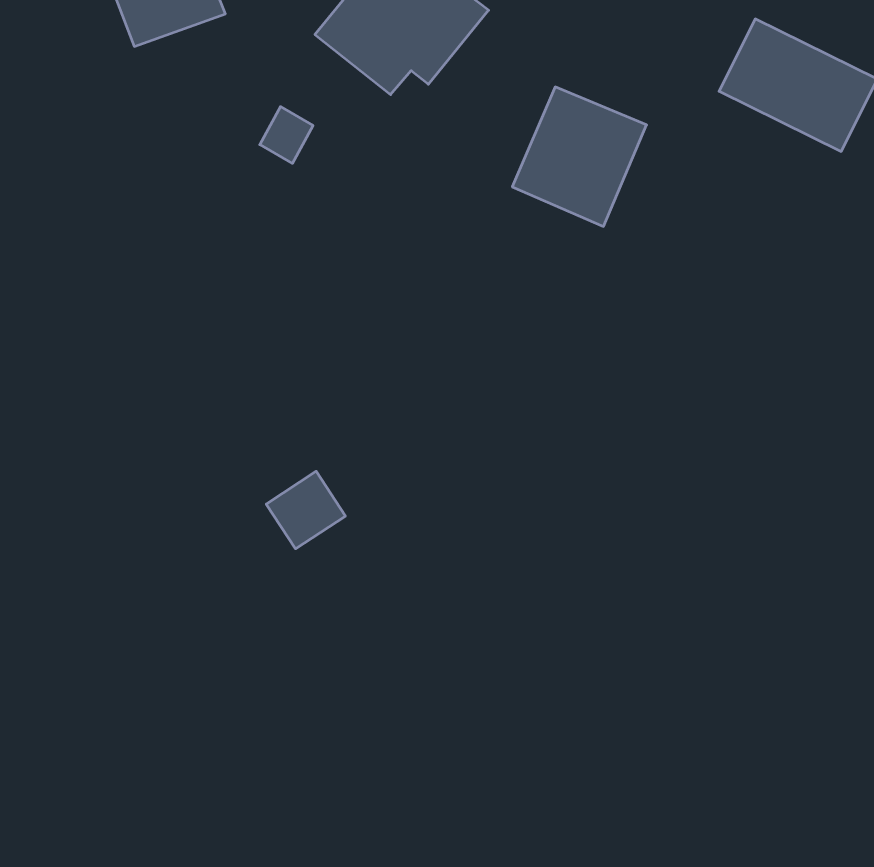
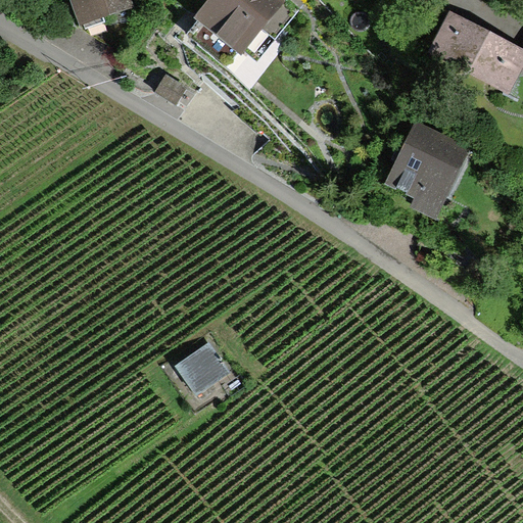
building: [512,87,647,226] -> [385,125,465,207]
building: [266,471,345,549] -> [178,344,225,390]

